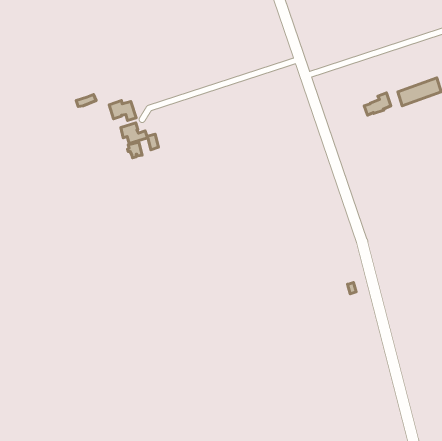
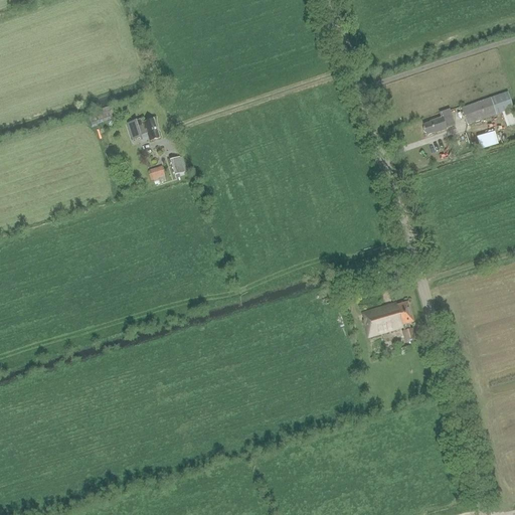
building: [121,123,147,144] -> none
building: none -> [361,301,412,336]

